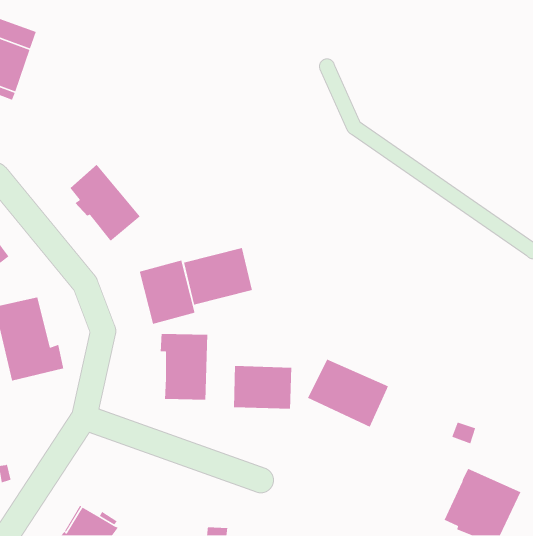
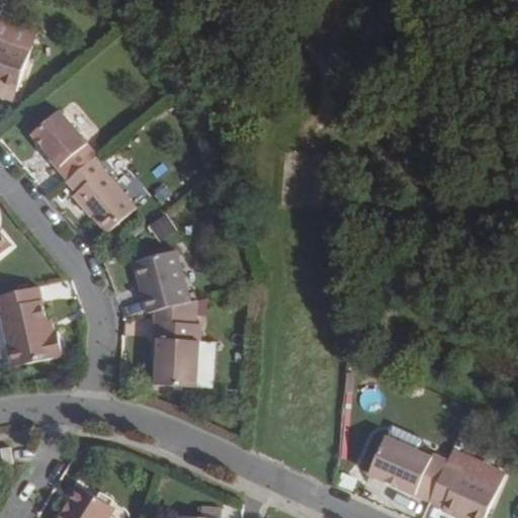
building: none -> [32,111,96,181]
building: [183,247,253,305] -> none
building: [307,358,389,428] -> [366,434,445,501]
building: [233,365,292,410] -> none

